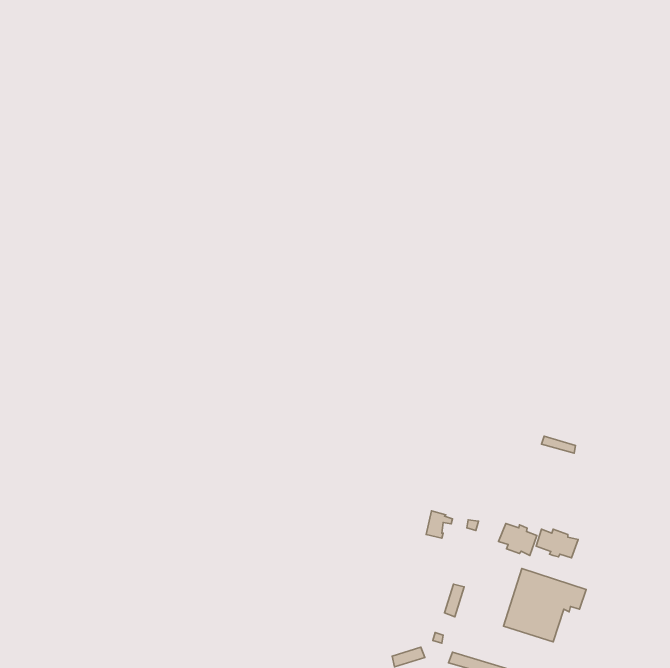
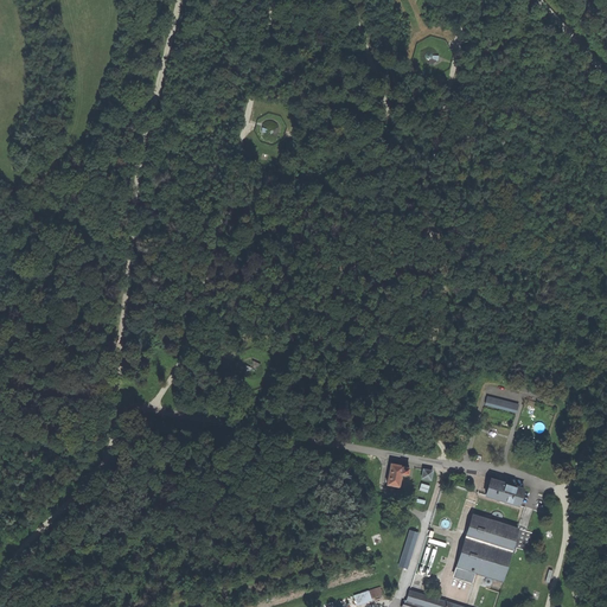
building: [499,523,537,555] -> none

